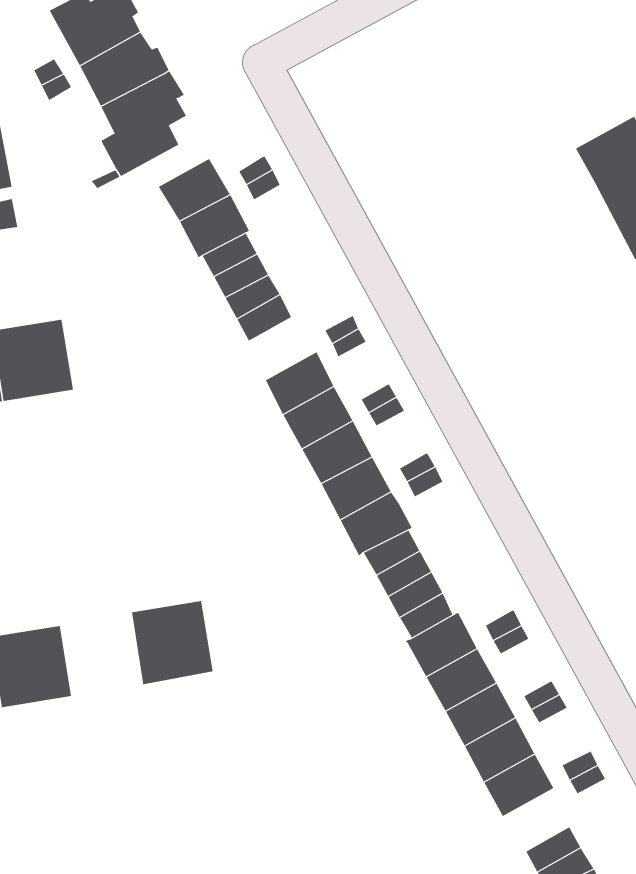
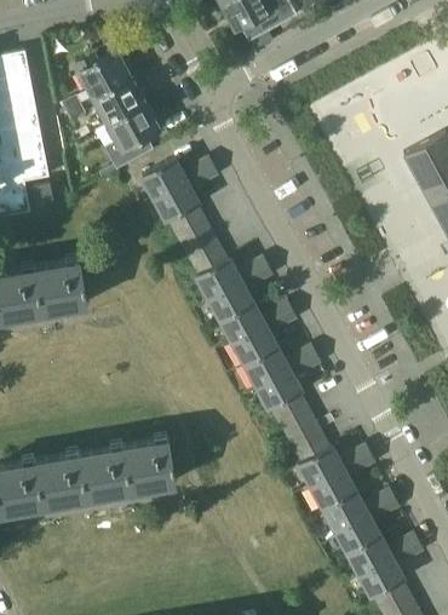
building: none -> [196,259,242,300]
building: none -> [80,447,132,500]
building: none -> [360,558,404,599]

